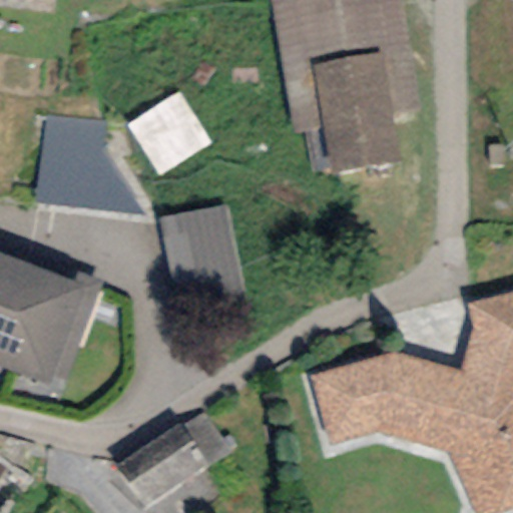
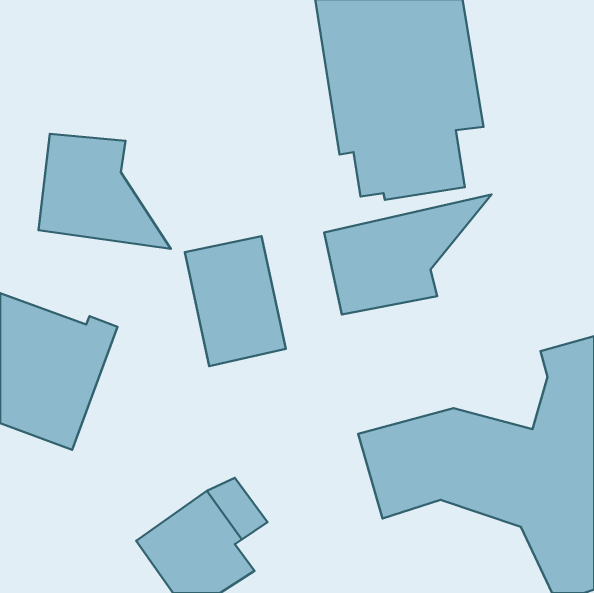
building: [125,88,213,175] -> none
building: none -> [324,194,492,315]

